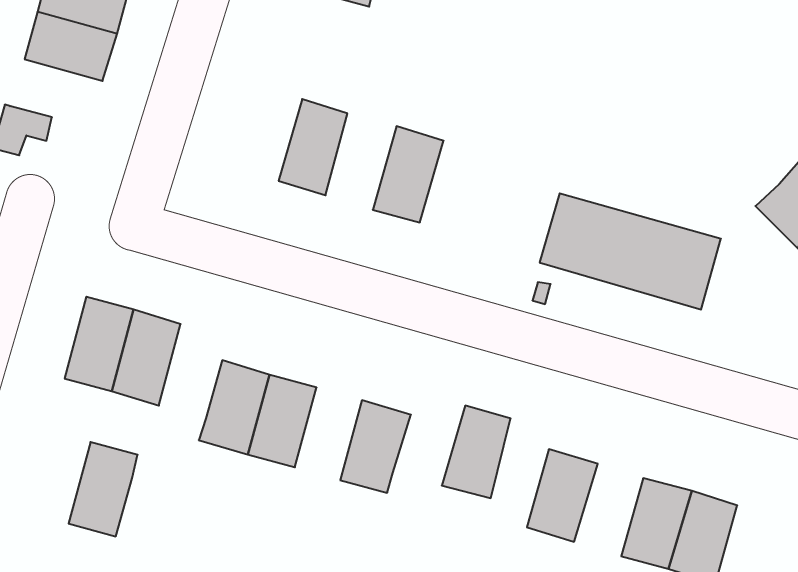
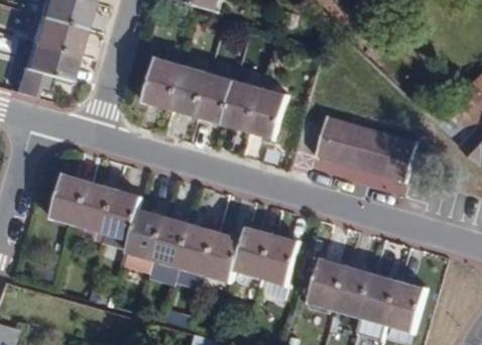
building: none -> [20,42,72,81]
building: none -> [143,57,183,110]
building: none -> [196,73,235,126]
building: none -> [248,88,287,141]
building: none -> [178,225,216,276]
building: none -> [233,228,273,279]
building: [69,442,138,536] -> [103,190,141,242]
building: none -> [334,267,372,319]

